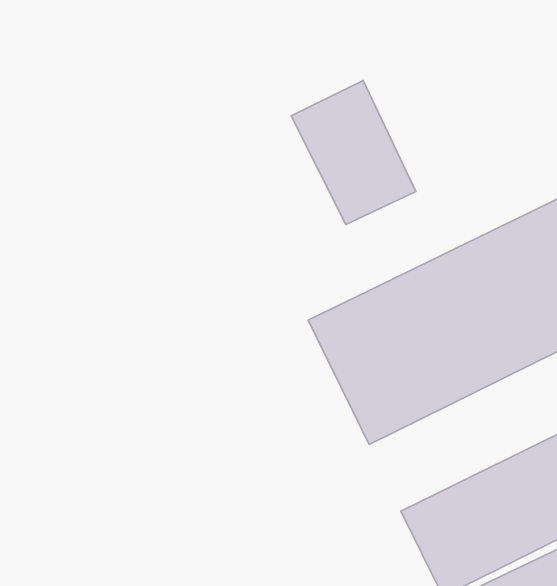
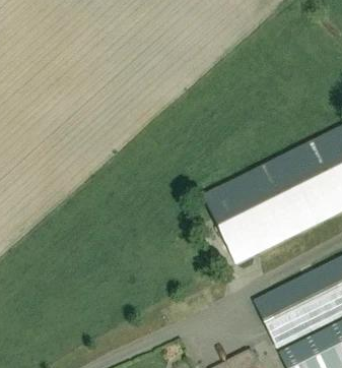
building: [291,80,416,224] -> none

